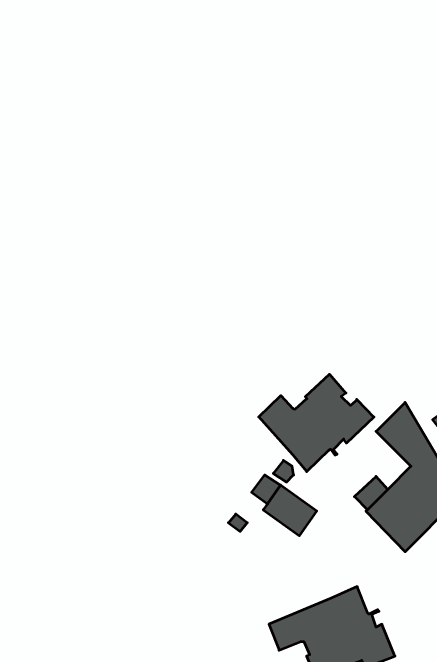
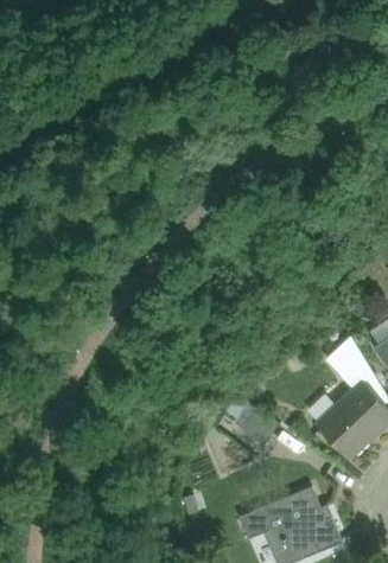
building: [259,374,374,472] -> none

